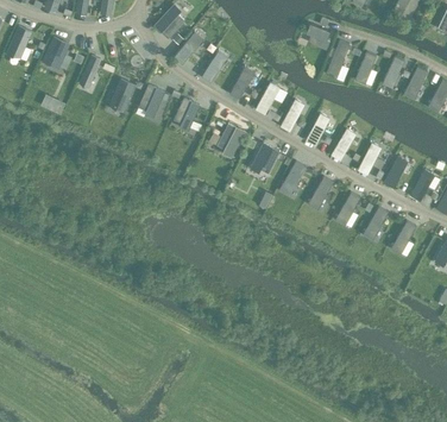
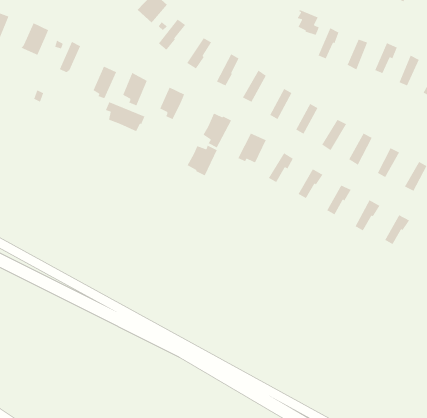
building: none -> [105,101,146,132]
building: none -> [187,145,218,177]

